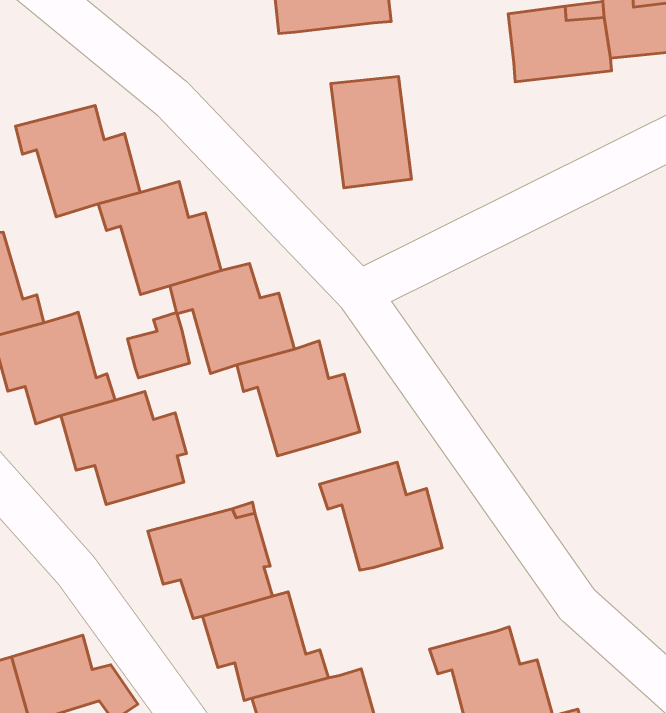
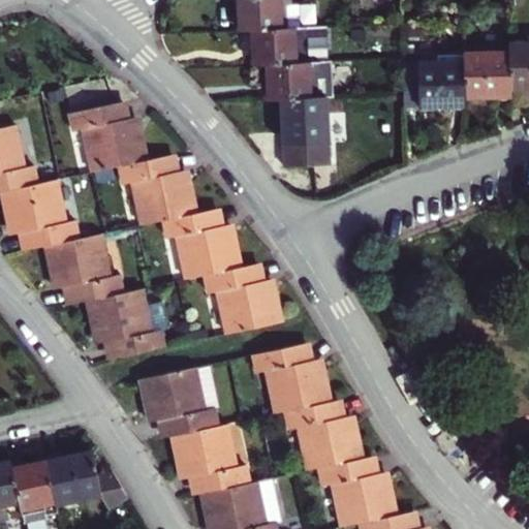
building: none -> [259,62,328,100]
building: [128,313,190,378] -> none
building: none -> [283,405,360,473]

